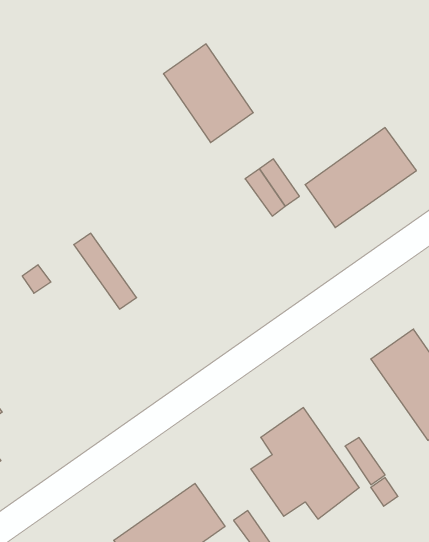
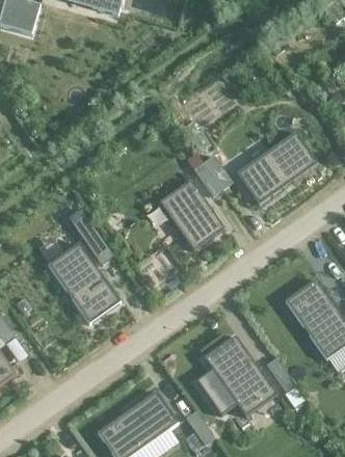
building: [163,44,253,143] -> [158,179,223,250]
building: none -> [47,242,120,323]

